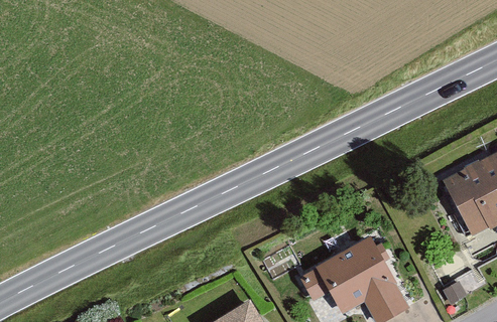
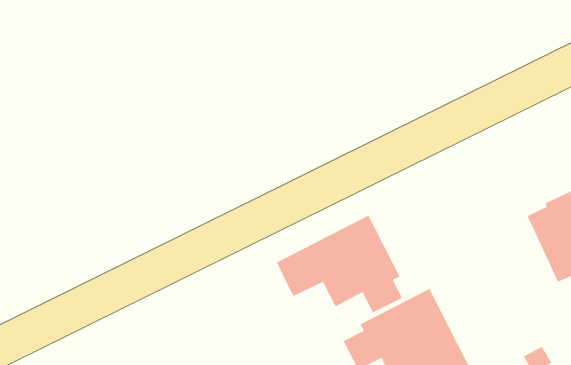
building: none -> [276,215,403,313]

